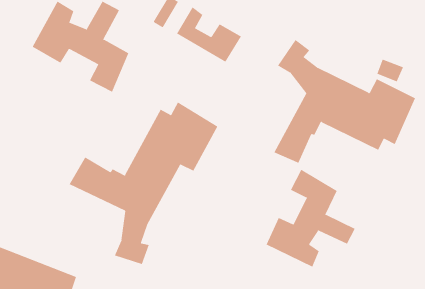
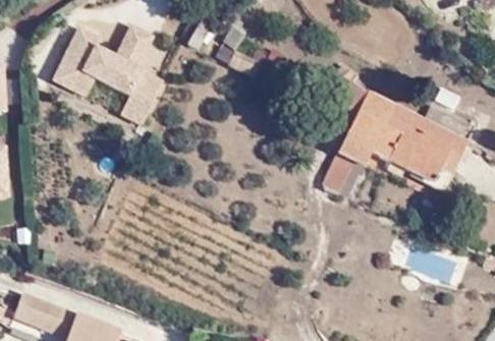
building: [69,101,218,265] -> none
building: [266,169,356,267] -> none

